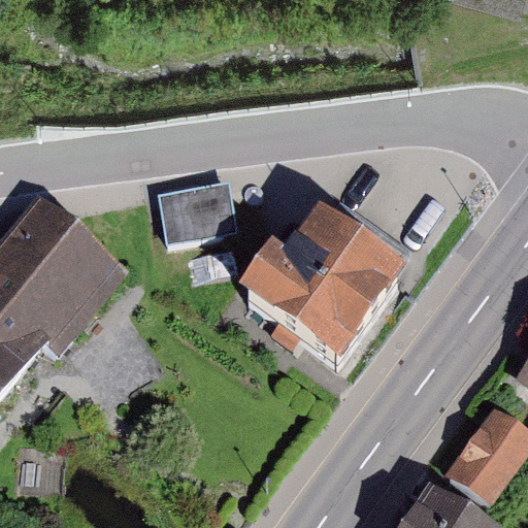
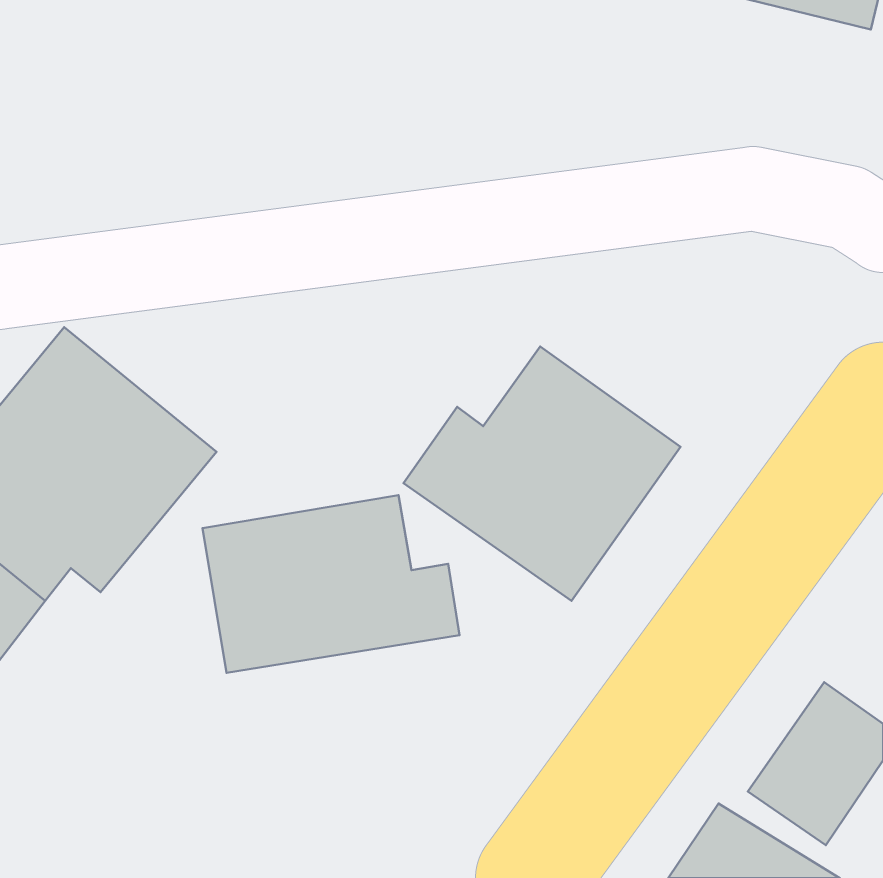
building: [161,180,238,242] -> none
building: none -> [203,495,460,673]

